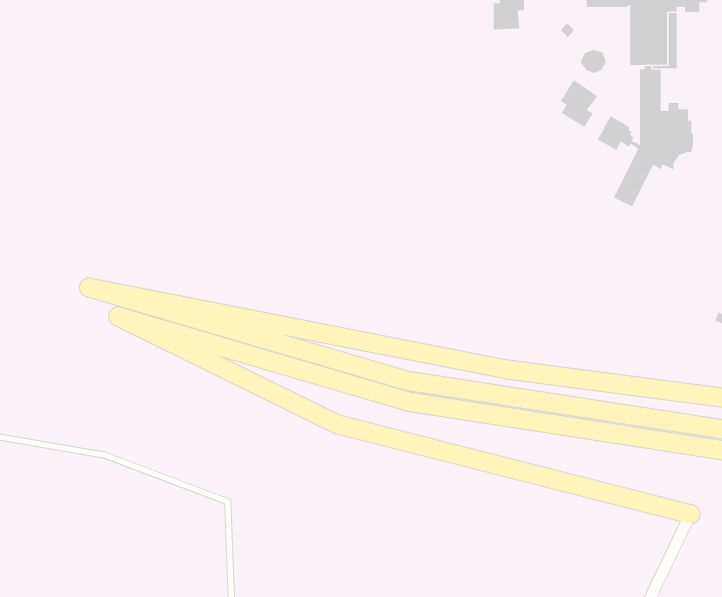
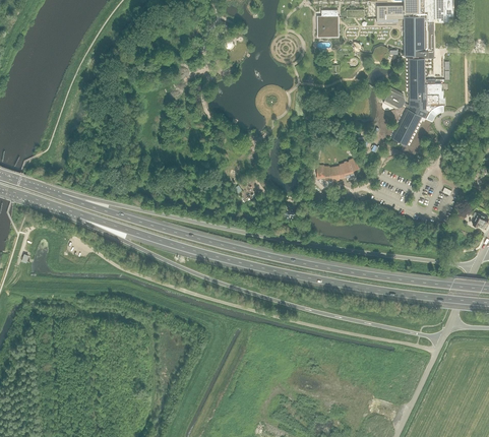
building: [560,79,598,128] -> none
building: none -> [315,159,358,181]

